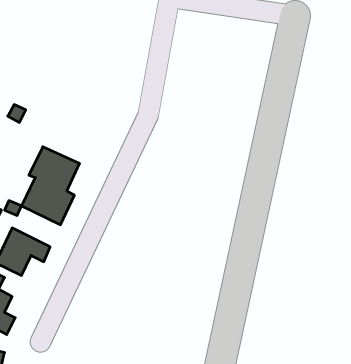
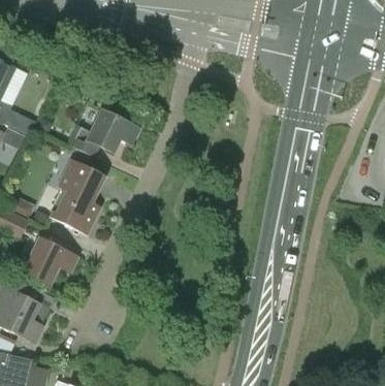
building: none -> [68,109,138,158]

